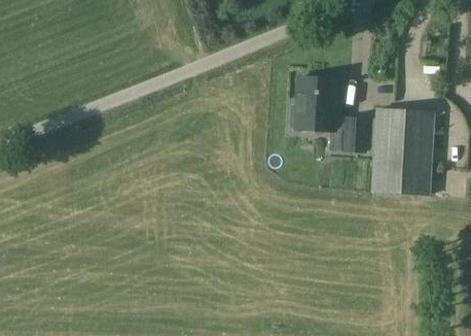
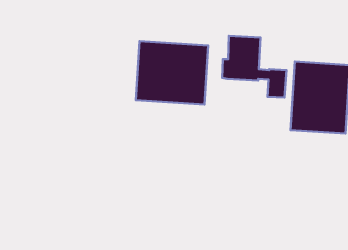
building: none -> [136,41,208,104]

